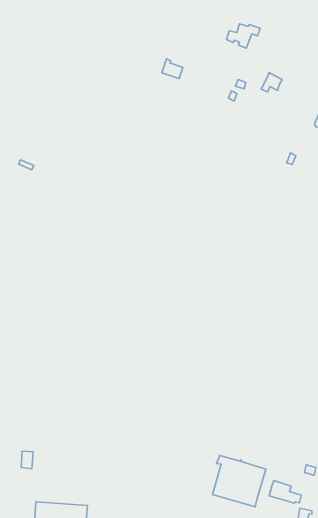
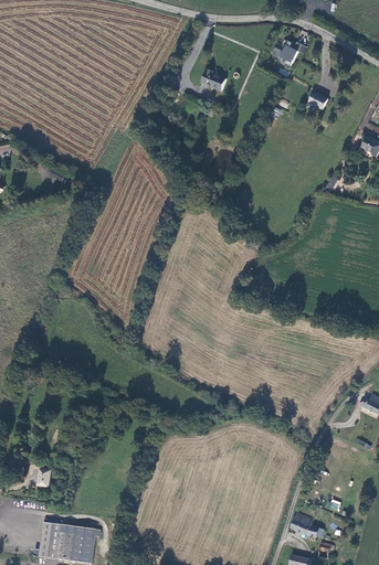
building: [212,455,266,507] -> none

